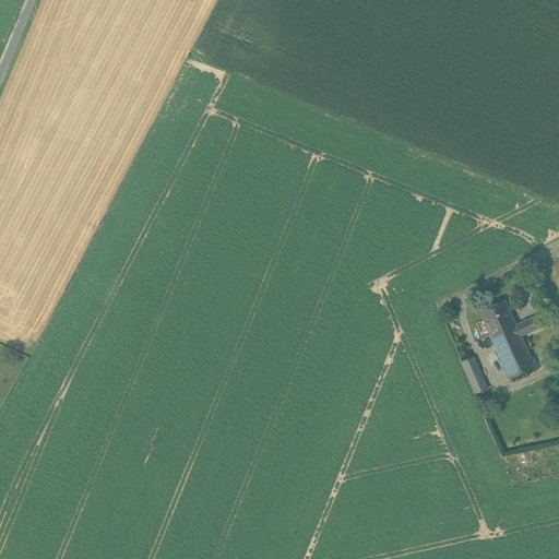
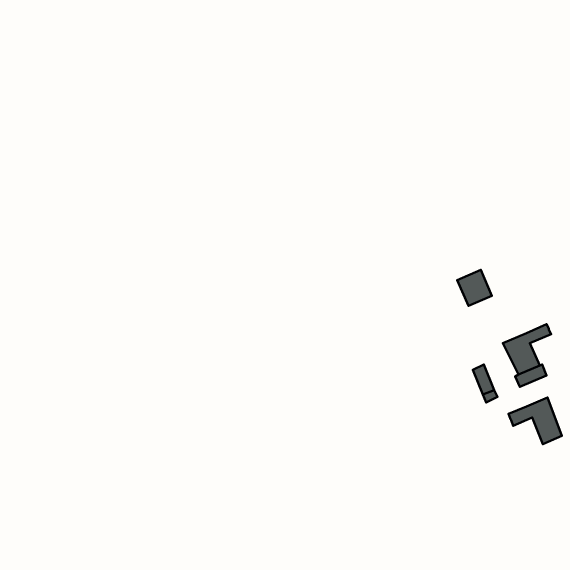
building: [480,300,514,335] -> [457,270,492,306]
building: none -> [508,397,562,444]

